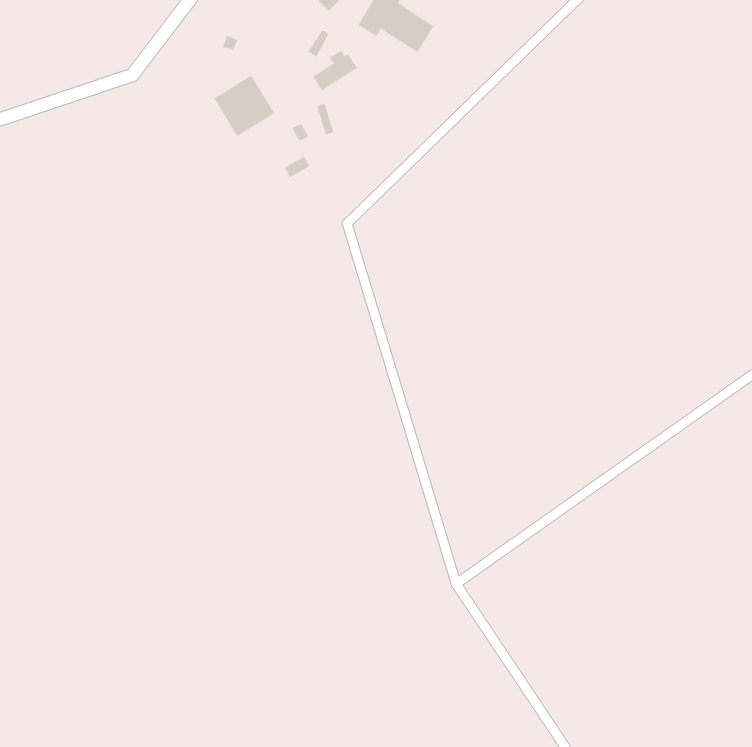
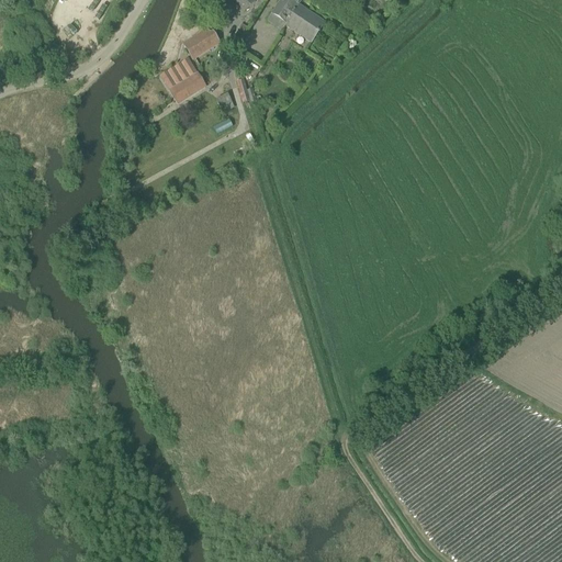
building: [313,50,358,91] -> [186,27,220,58]

